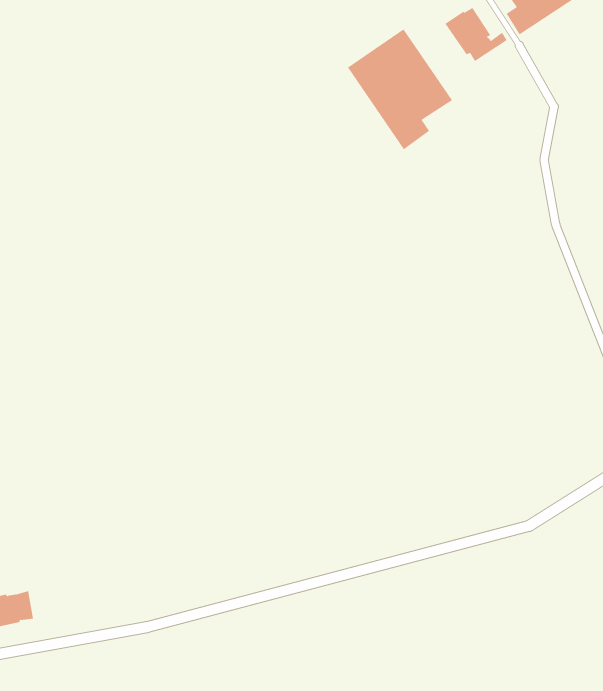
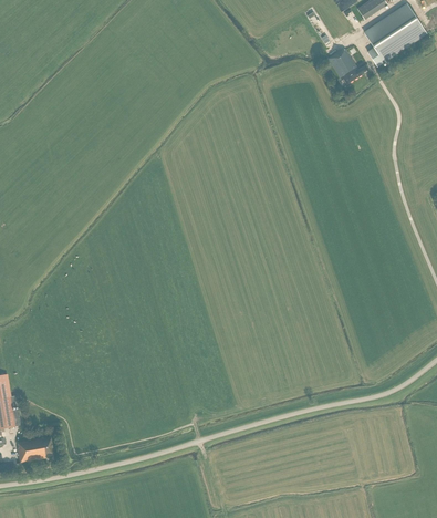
building: [347,29,453,150] -> none

